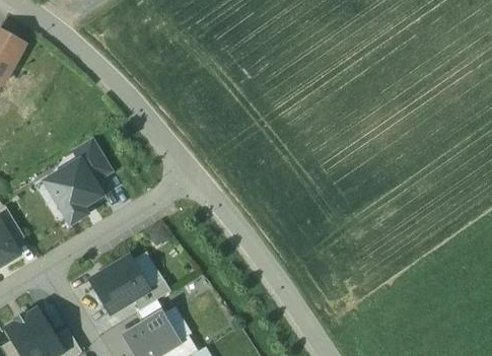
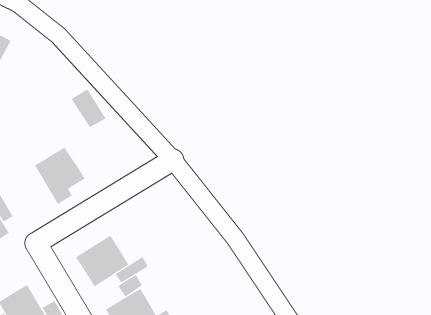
building: [73,139,112,182] -> [71,89,107,128]

